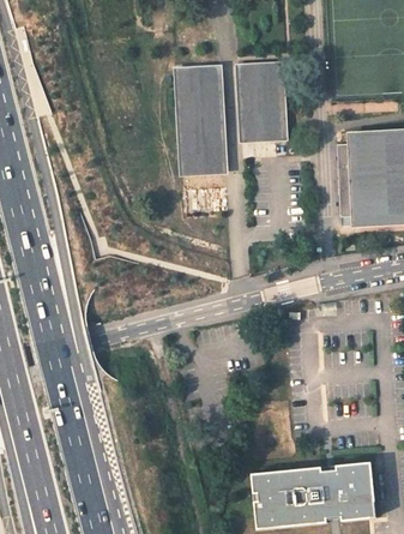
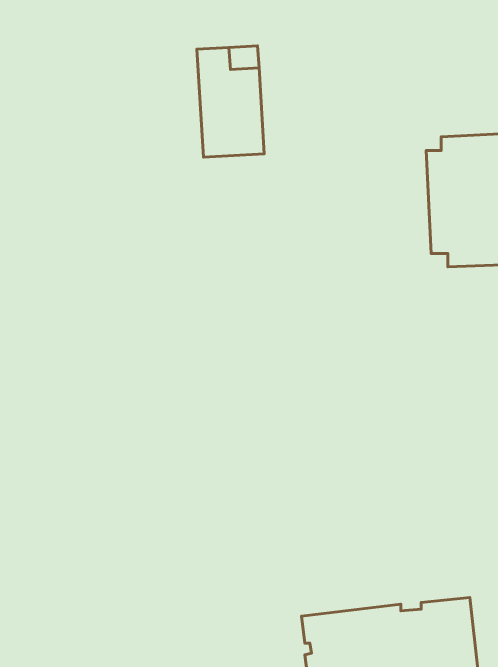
building: [237,66,287,145] -> none
building: [181,146,227,179] -> none

